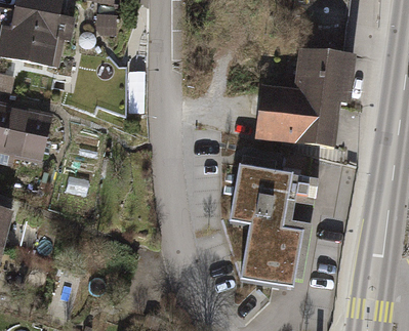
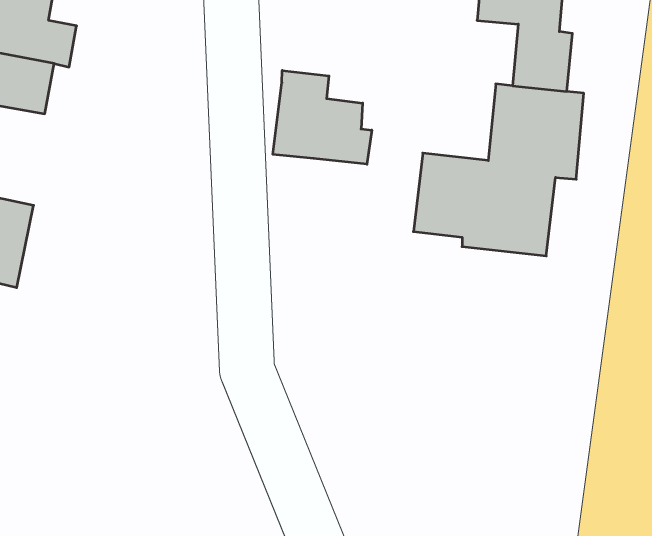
building: none -> [273,70,372,164]
building: [231,168,305,293] -> none

